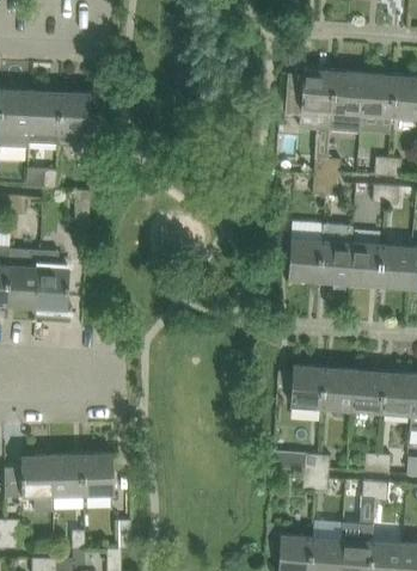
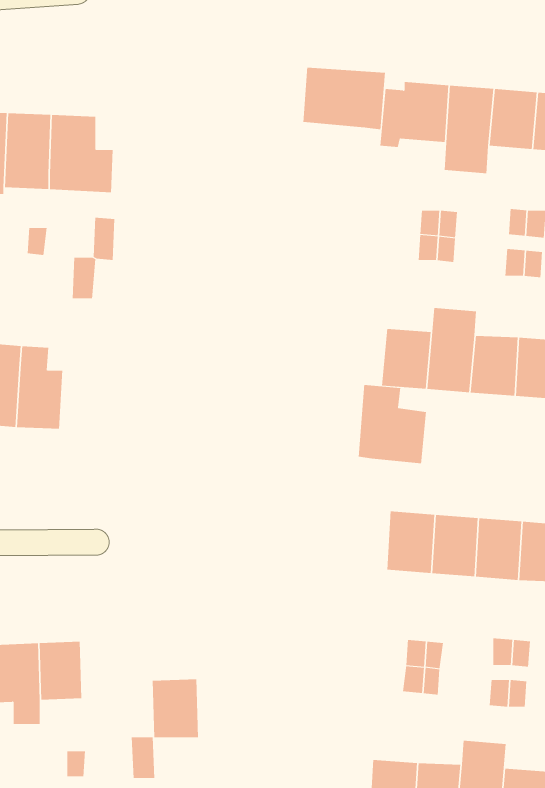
building: none -> [303,67,385,130]
building: none -> [358,384,426,464]
building: [80,454,112,495] -> [152,679,199,738]

